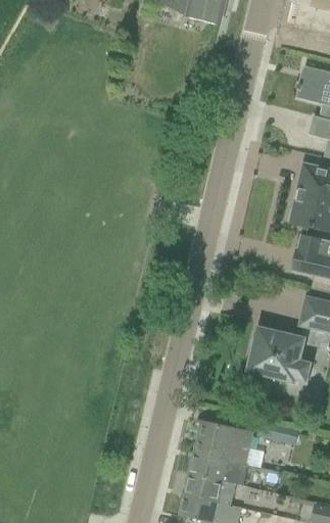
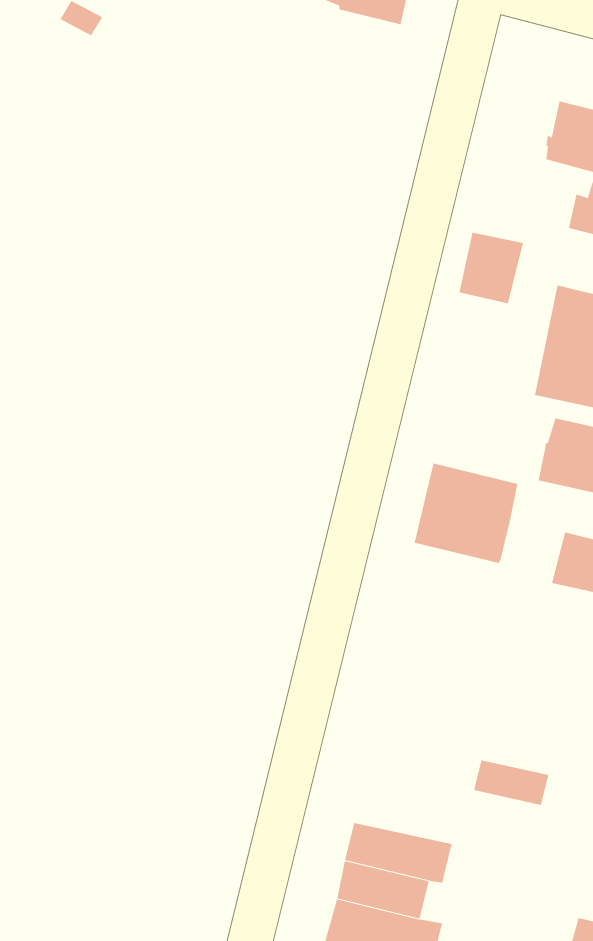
building: none -> [459,232,524,304]
building: [248,328,304,382] -> [414,463,518,564]
building: [194,422,253,465] -> none

